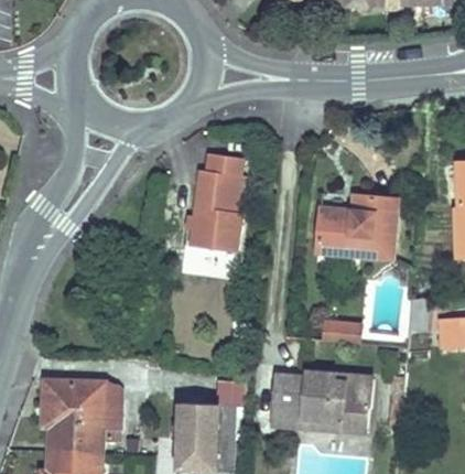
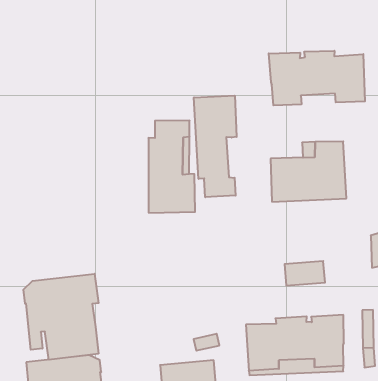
building: none -> [269,51,365,105]
building: none -> [194,96,237,197]
building: none -> [24,274,99,360]

